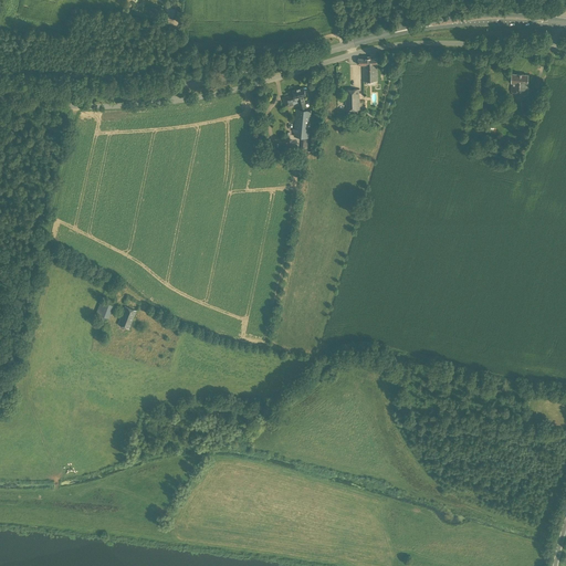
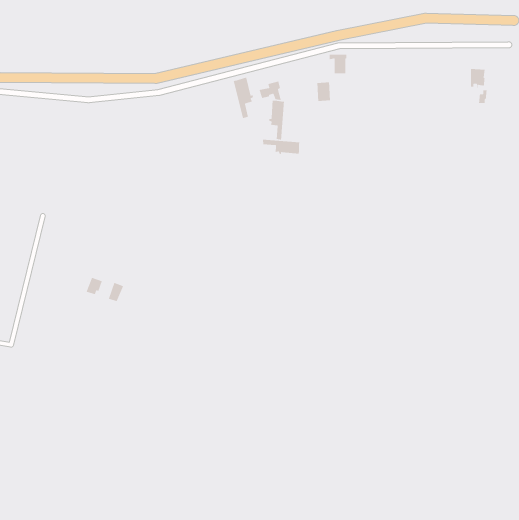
building: none -> [233,77,254,119]
building: none -> [262,139,300,155]

